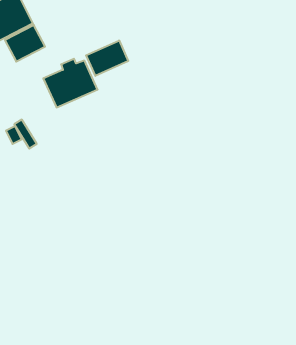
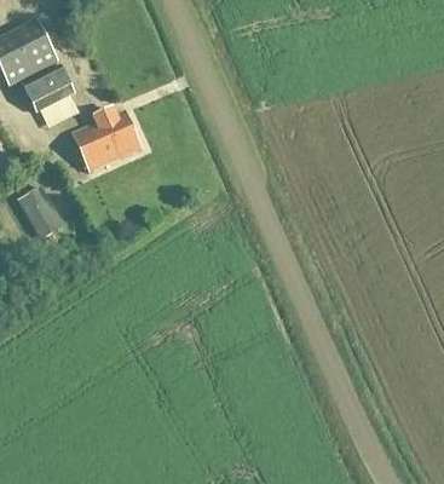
building: [86,40,128,76] -> none

